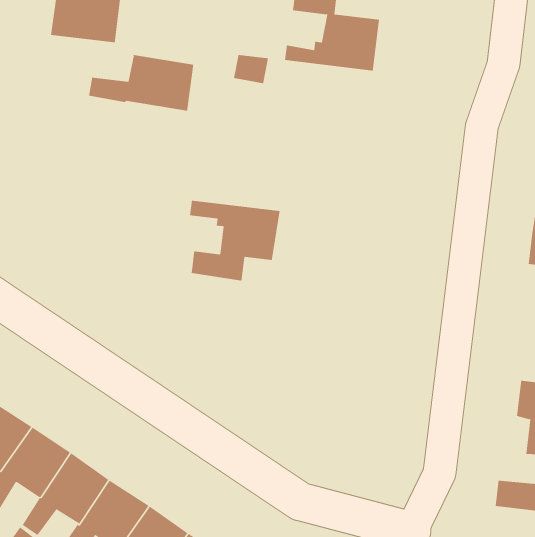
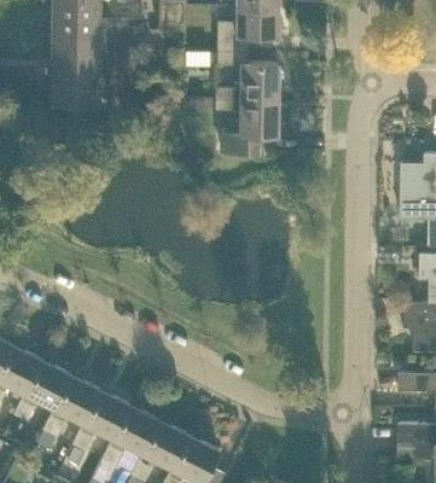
building: [89,54,194,112] -> none
building: [189,200,280,281] -> [215,99,278,151]

